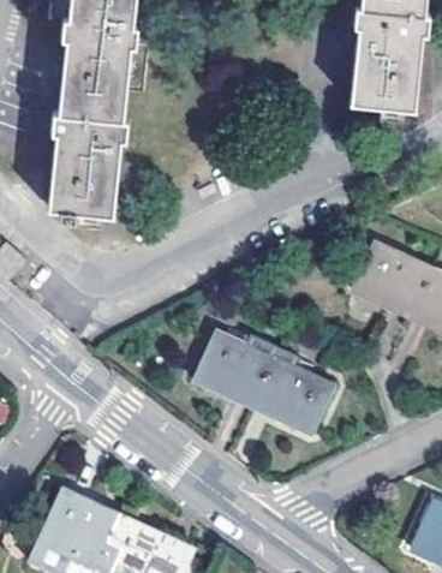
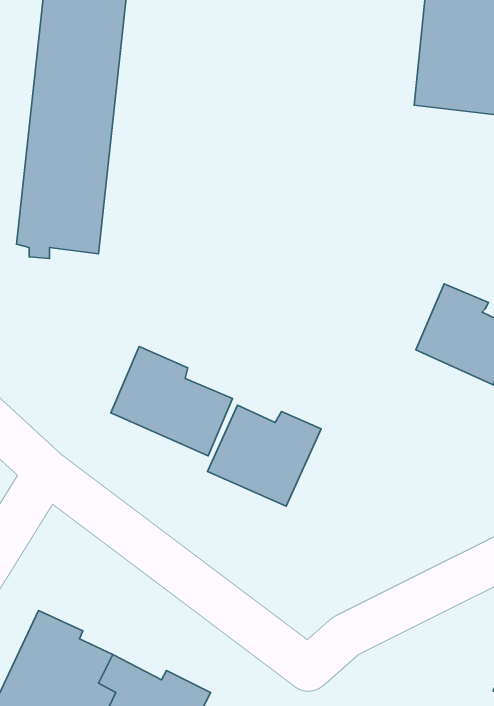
building: none -> [111,346,232,456]
building: [253,348,335,432] -> none

